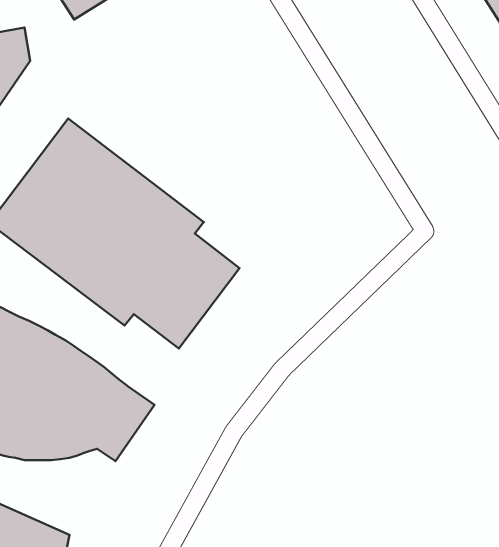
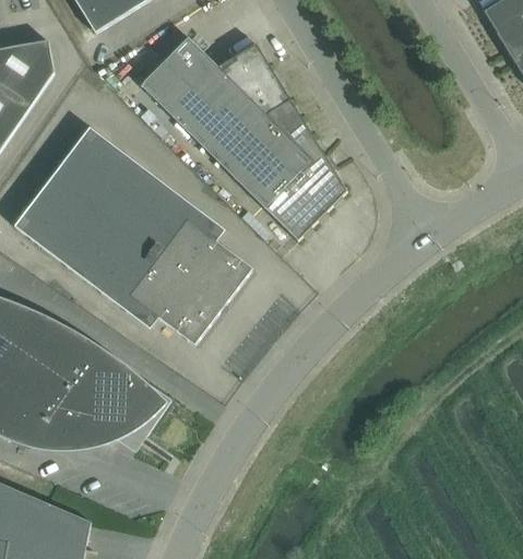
building: none -> [140,37,346,241]

